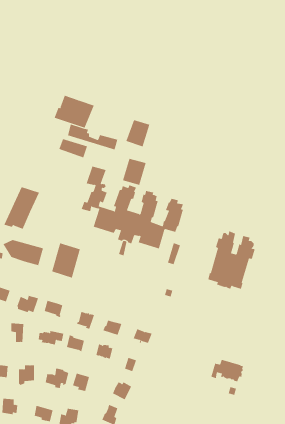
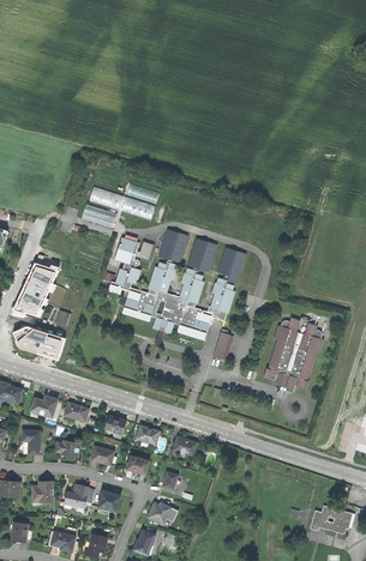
building: [54,95,95,128] -> none
building: [126,120,150,147] -> [187,237,217,271]
building: none -> [217,246,247,283]
building: [52,243,81,278] -> none
building: [211,359,244,382] -> [310,505,350,532]

